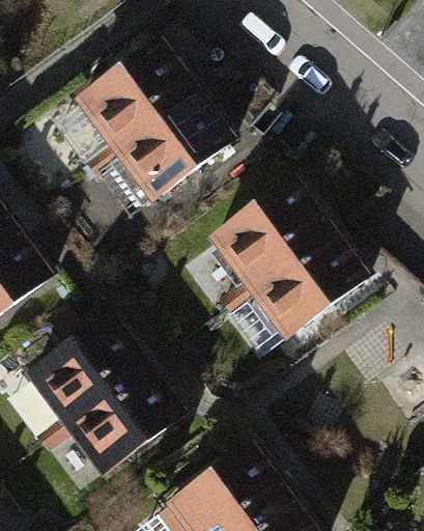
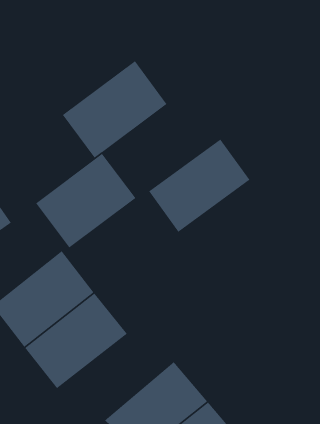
building: [62,40,188,157] -> none
building: none -> [35,153,136,249]
building: [238,233,360,344] -> none

